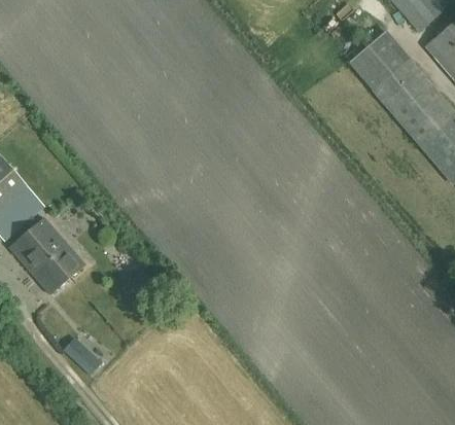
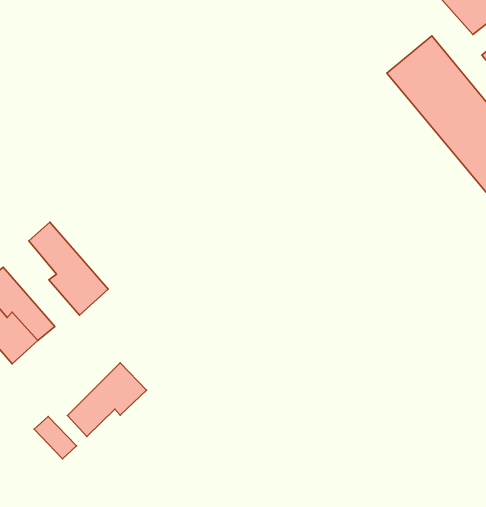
building: none -> [29,222,108,315]
building: none -> [67,363,146,436]

